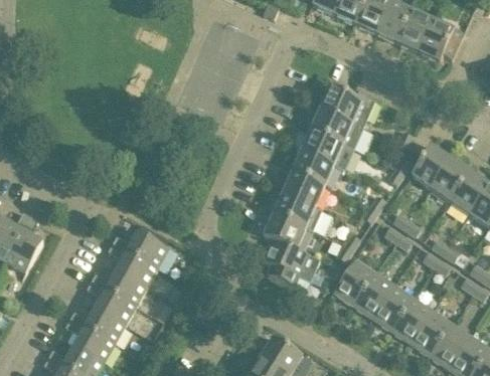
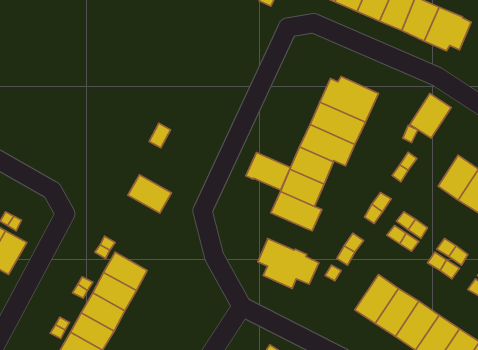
building: [411,146,450,188] -> [410,94,451,138]
building: [263,213,305,248] -> [246,153,291,190]
building: [126,231,167,267] -> [128,175,172,213]
building: [333,258,374,305] -> none

